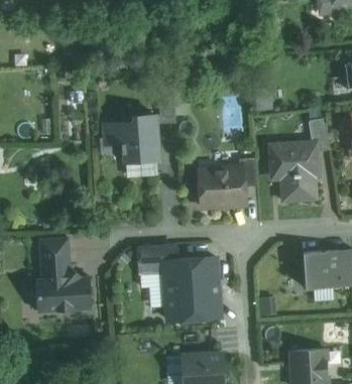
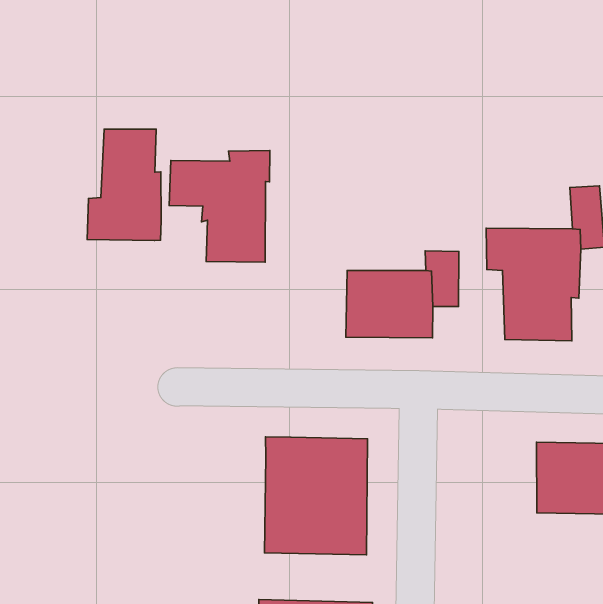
building: none -> [87,129,161,240]
building: [35,237,91,311] -> none
building: [139,245,177,272] -> none

